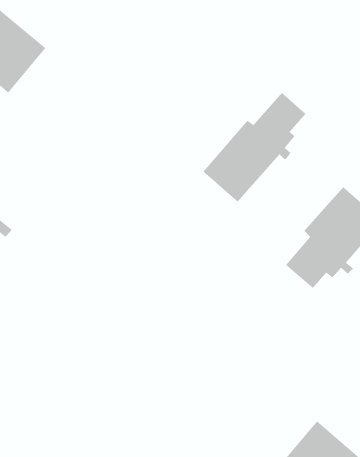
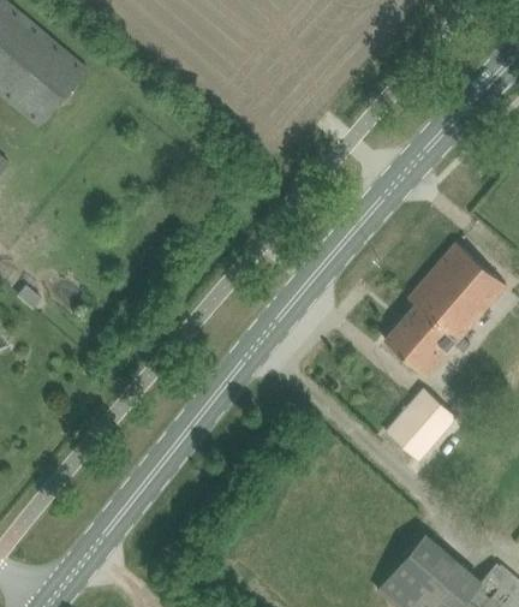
building: [203,92,306,202] -> none
building: none -> [387,389,455,459]

